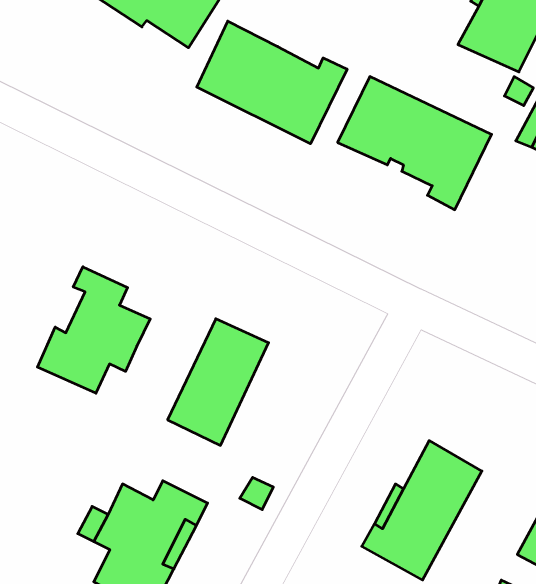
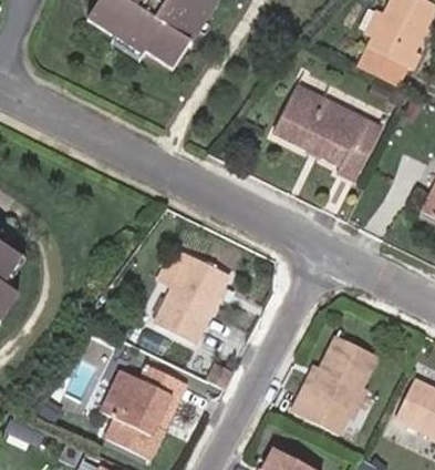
building: [197,21,347,144] -> none
building: [37,267,150,393] -> none

